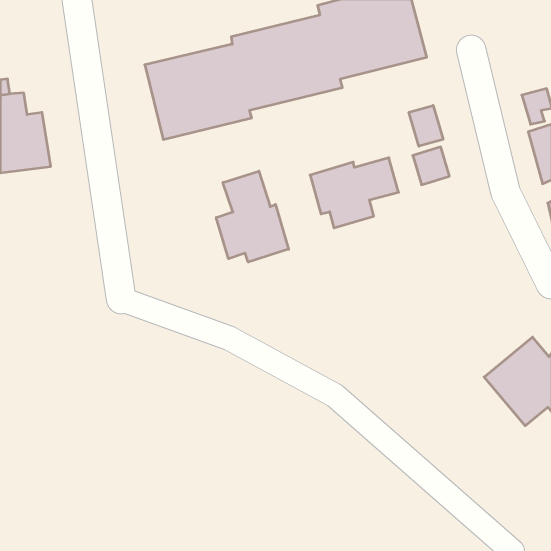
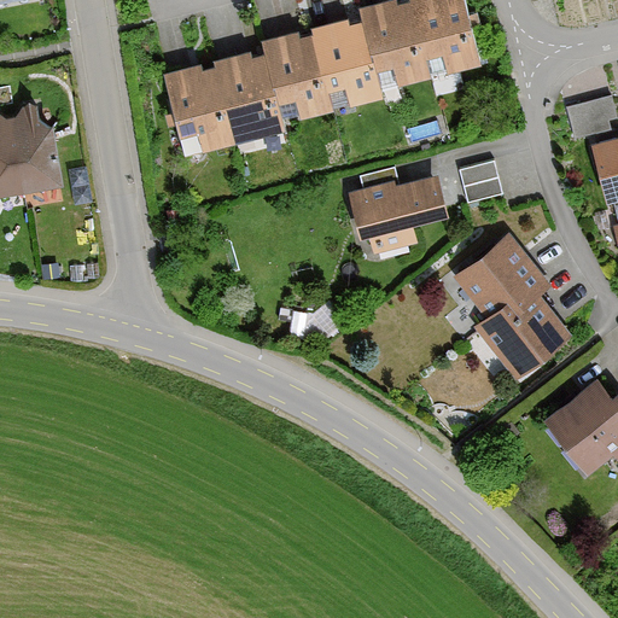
building: [409,105,443,146] -> none
building: [216,171,289,262] -> none
building: none -> [454,233,570,379]

